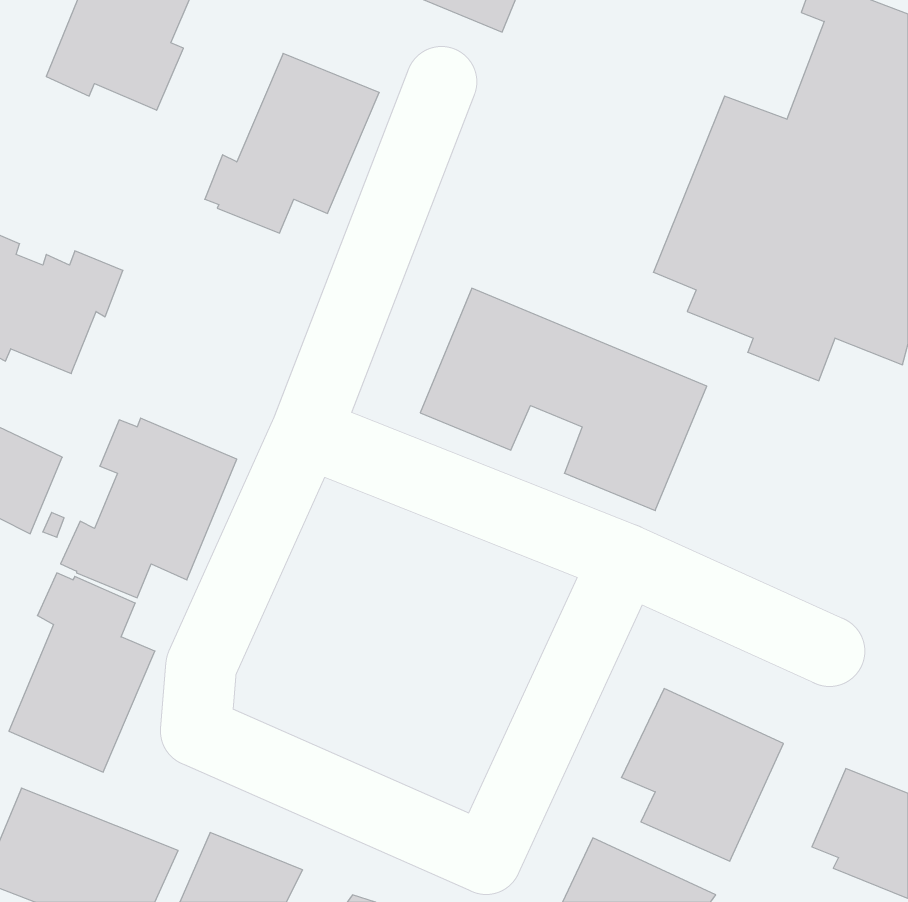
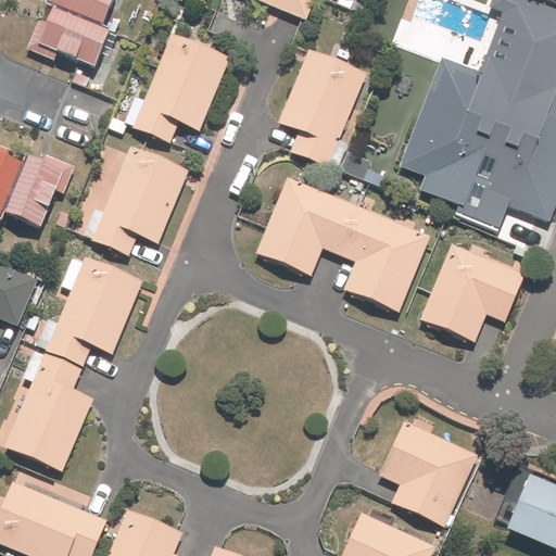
building: none -> [278,49,367,168]
building: none -> [84,144,189,255]
building: none -> [419,242,526,343]

